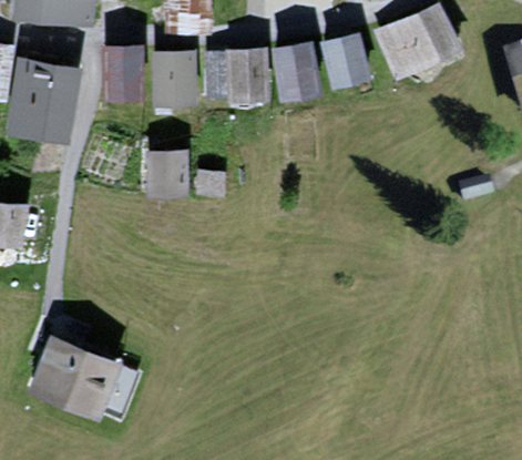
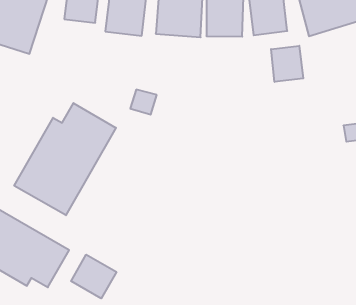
building: none -> [271,46,303,82]
building: [145,149,187,195] -> none
building: none -> [14,103,116,215]
building: none -> [71,255,116,298]

